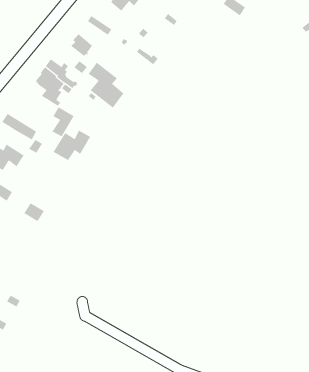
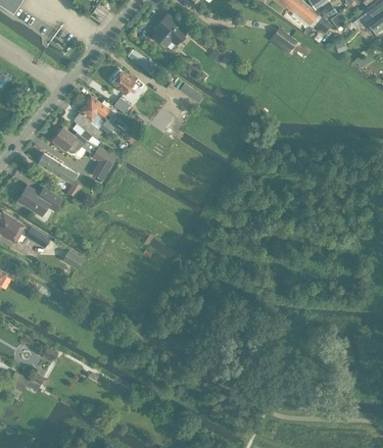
building: [88,62,124,109] -> none
building: none -> [52,128,87,154]
building: [53,130,91,161] -> none

